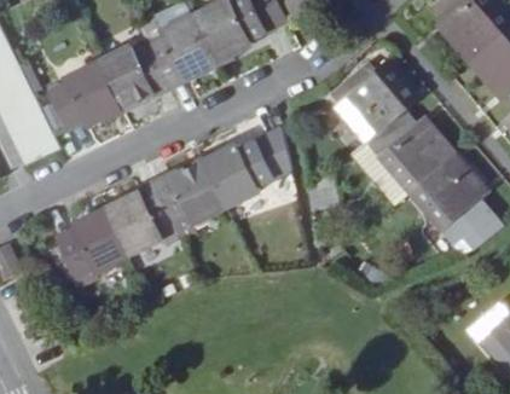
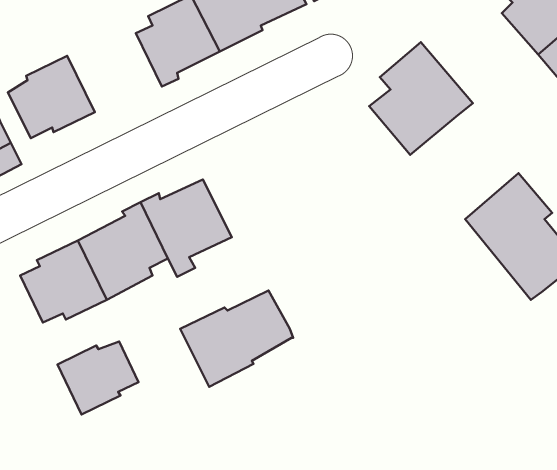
building: [95,46,170,109] -> none
building: [367,112,453,193] -> none
building: [203,132,292,208] -> [180,291,293,387]
building: none -> [57,341,138,414]

